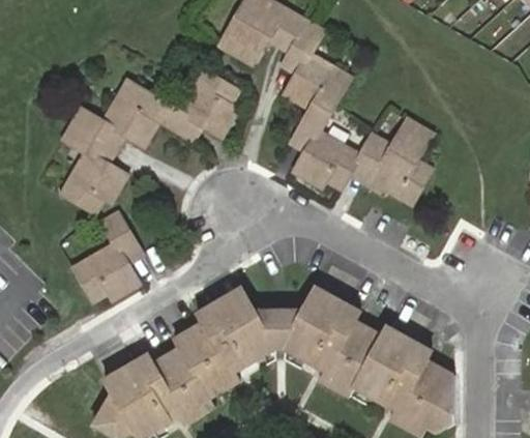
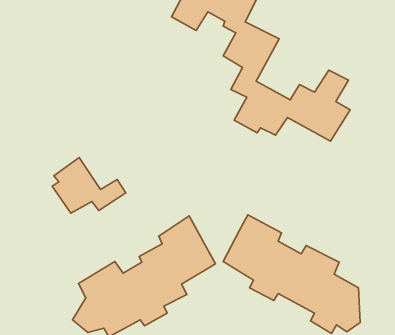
building: [58,74,238,222] -> none
building: [255,309,301,349] -> none

